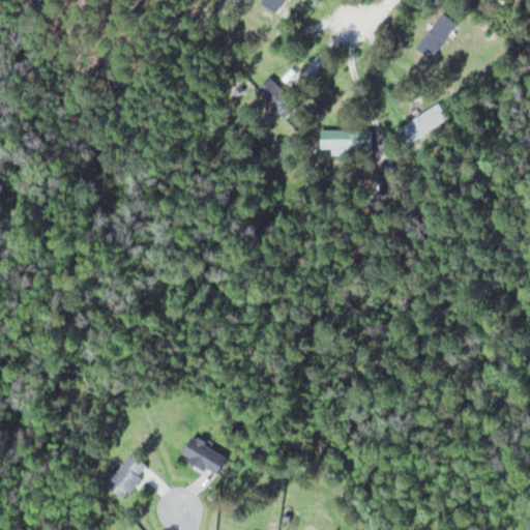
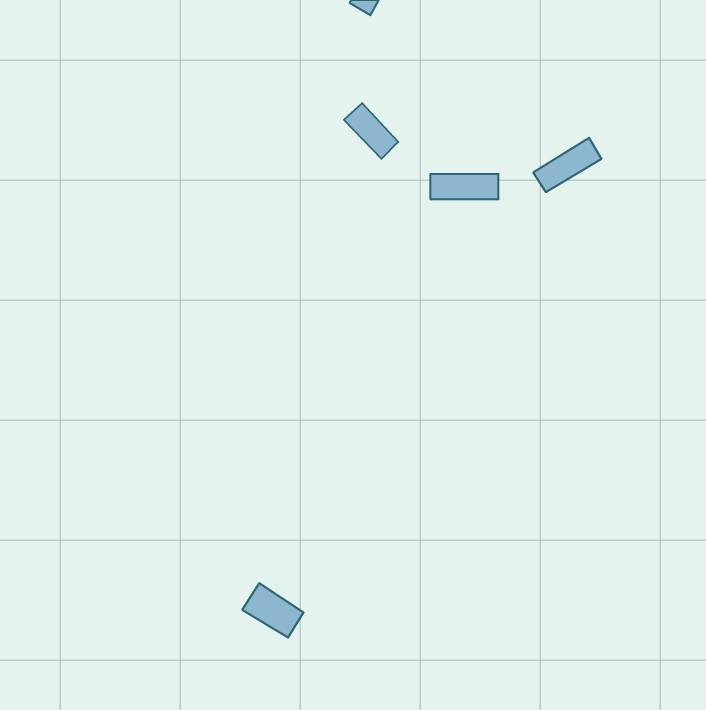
building: [414,13,457,60] -> none
building: [104,453,147,499] -> none

